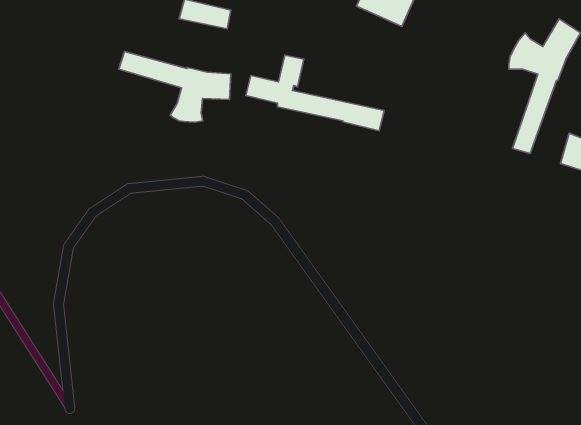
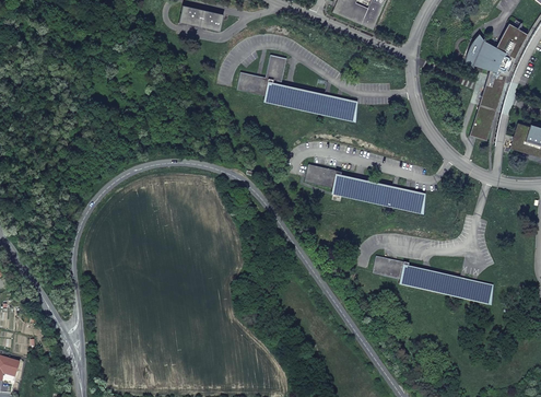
building: [119,52,231,122] -> none
building: none -> [305,164,425,212]
building: none -> [373,256,493,304]

